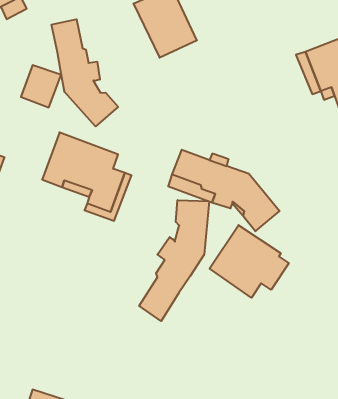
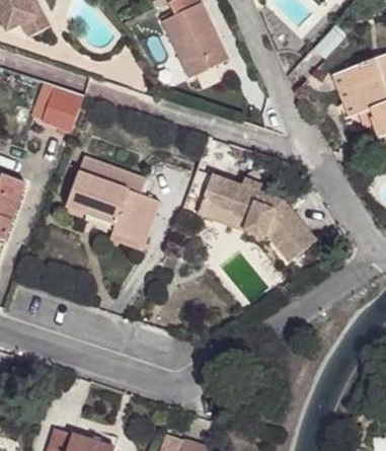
building: [51,19,118,126] -> none
building: [139,200,209,321] -> none
building: [210,225,289,298] -> none

